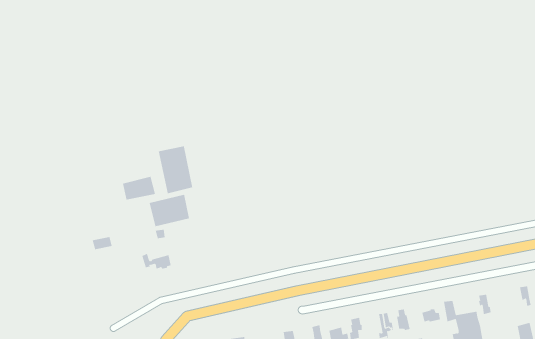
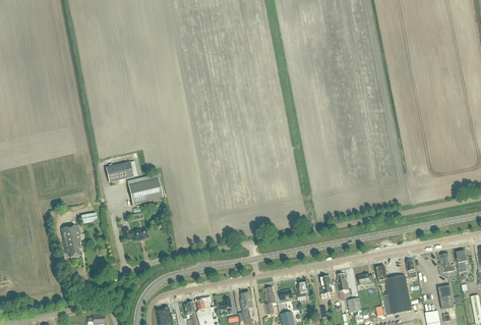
building: [158,146,193,194] -> none
building: none -> [60,224,80,257]

